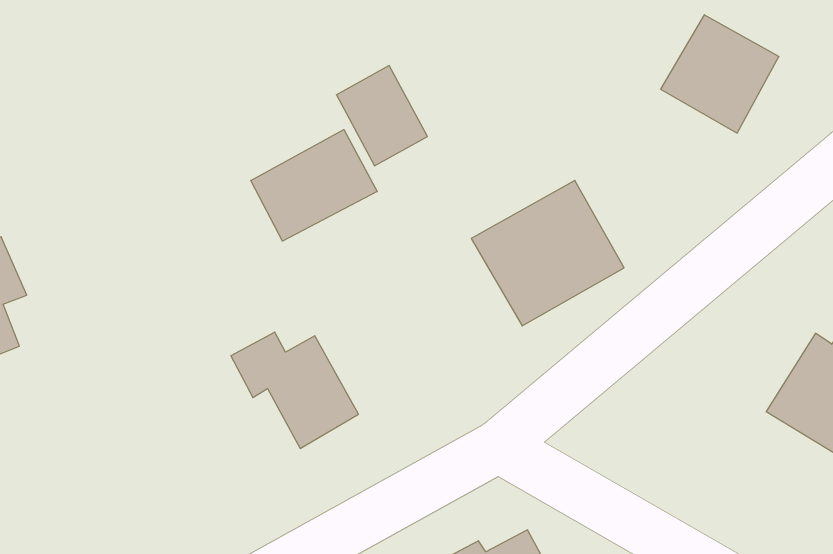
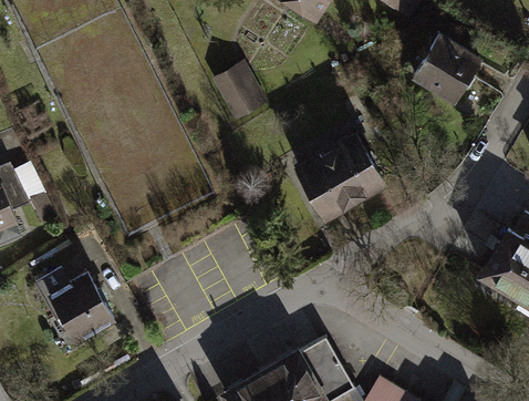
building: [251,130,377,241] -> none
building: [231,332,358,449] -> [34,271,112,342]

